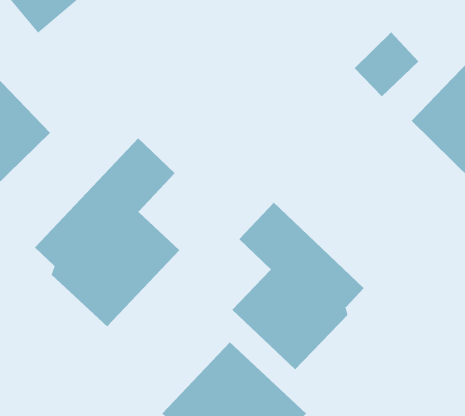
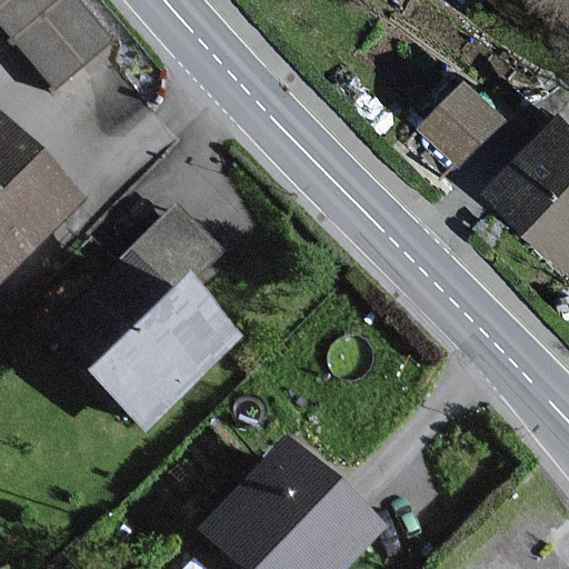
building: [231,202,365,370] -> none

